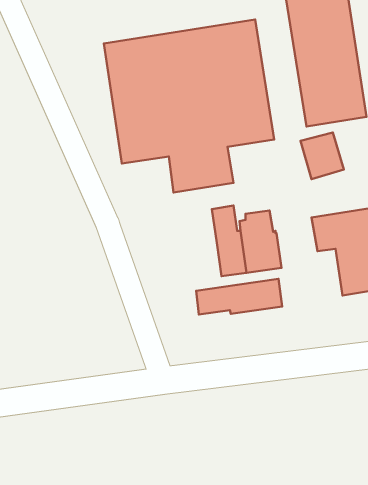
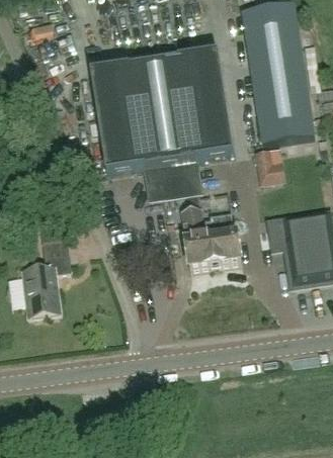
building: none -> [21,236,71,313]
building: [196,279,282,315] -> none

